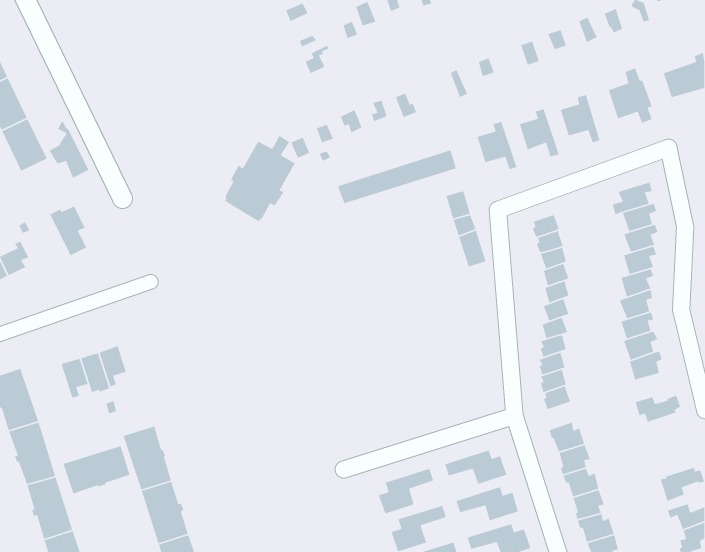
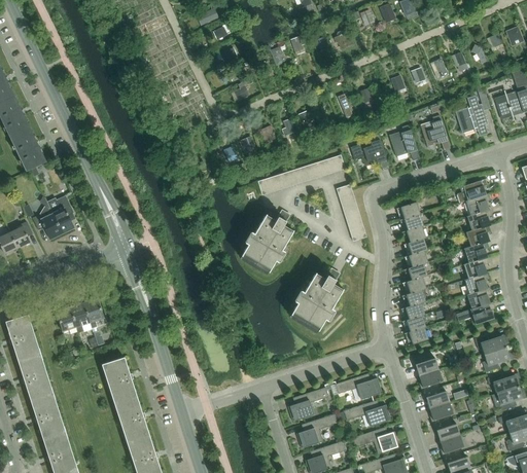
building: [49,121,90,179] -> [33,197,63,240]
building: [224,135,296,222] -> [241,211,293,275]
building: none -> [290,269,343,333]
building: none -> [482,348,514,373]
building: [62,445,131,494] -> none
building: none -> [487,373,521,394]

